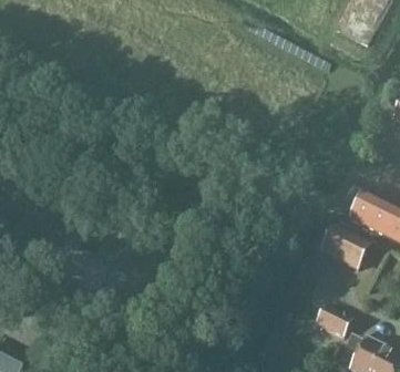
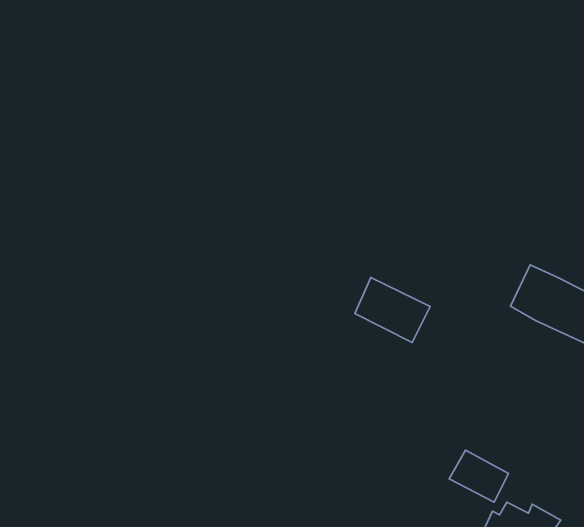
building: [321,227,368,267] -> [355,278,430,342]

